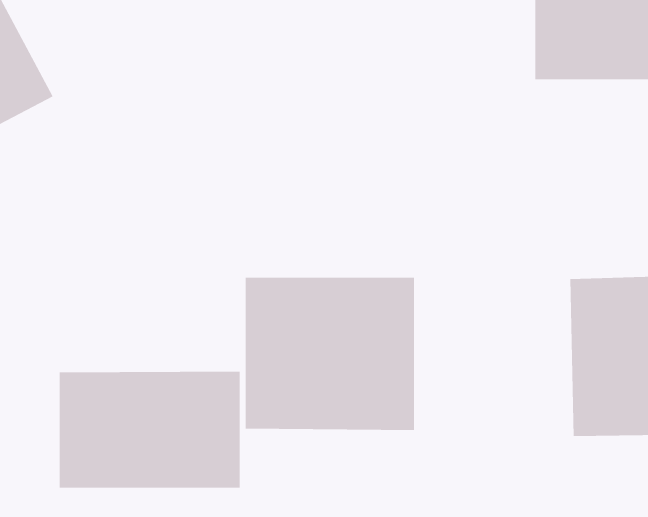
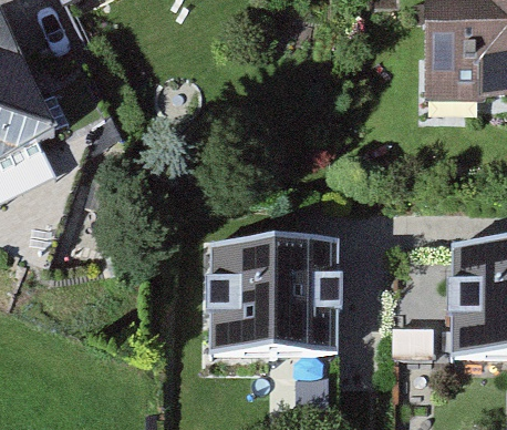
building: [59,371,240,488] -> none

